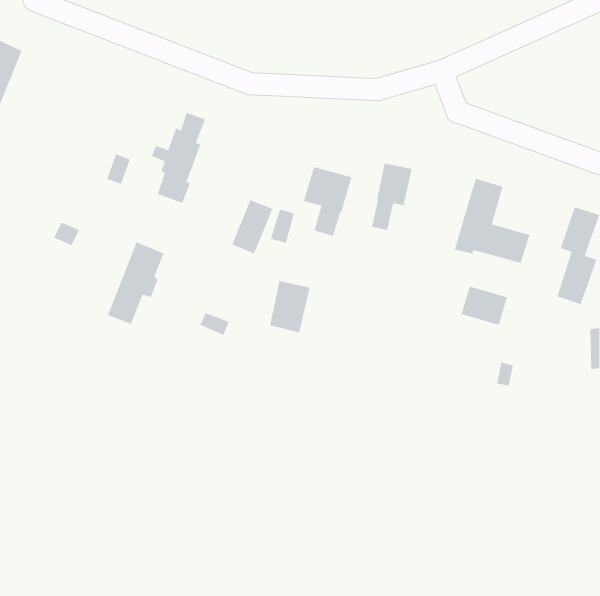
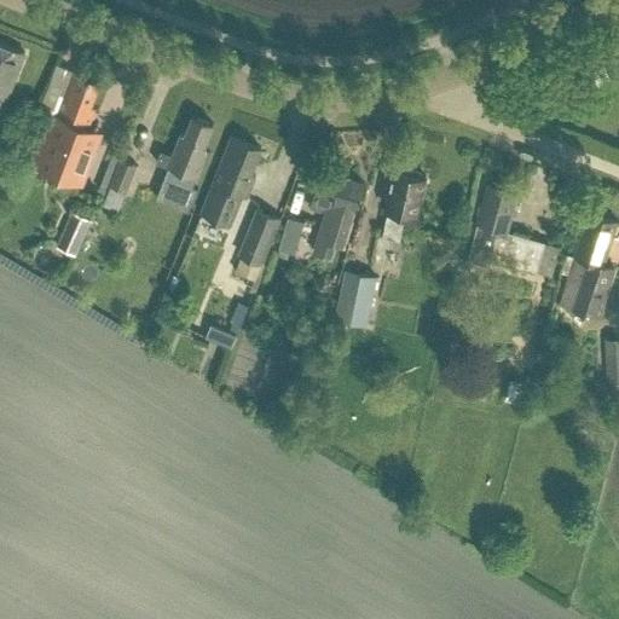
building: none -> [30,77,100,187]
building: [107,241,164,325] -> [201,141,260,227]
building: [269,280,311,333] -> [334,273,376,328]
building: [460,285,508,326] -> none

